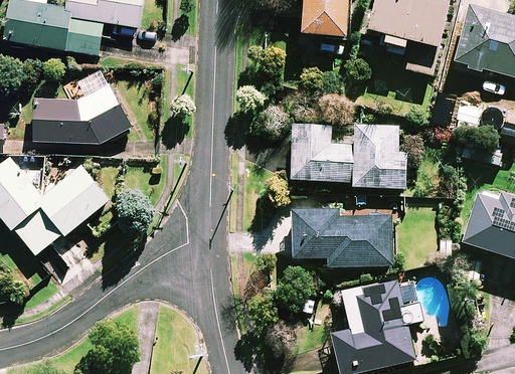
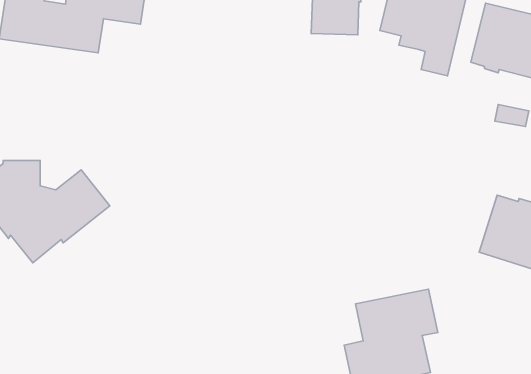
building: [31,82,132,143] -> none
building: [292,125,406,189] -> none
building: [293,198,392,267] -> none

